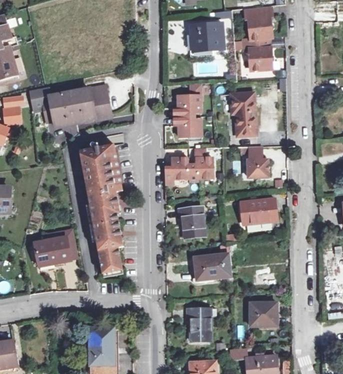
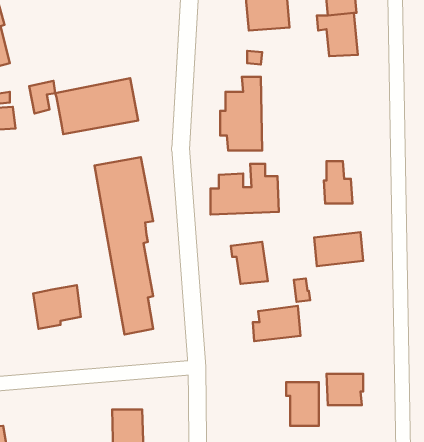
building: [230,93,257,136] -> none
building: [47,229,78,260] -> none
building: [186,308,210,340] -> [286,382,319,426]

